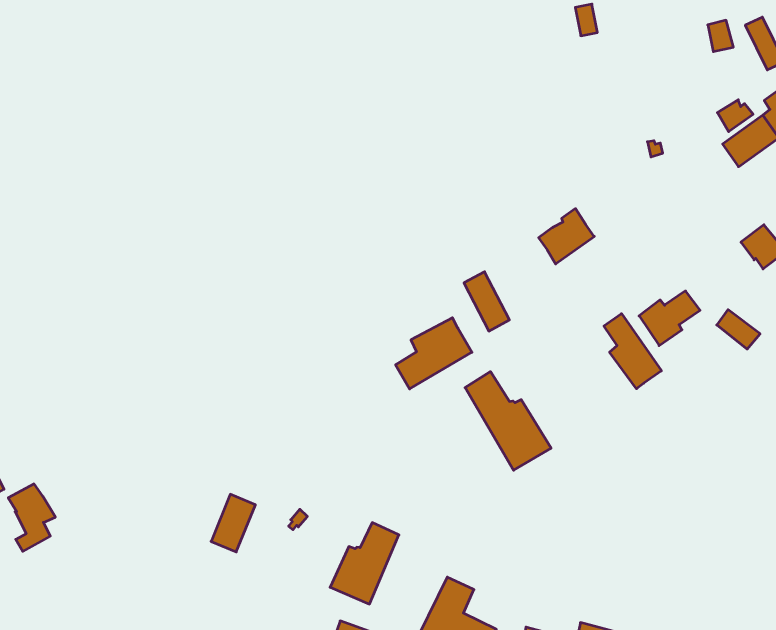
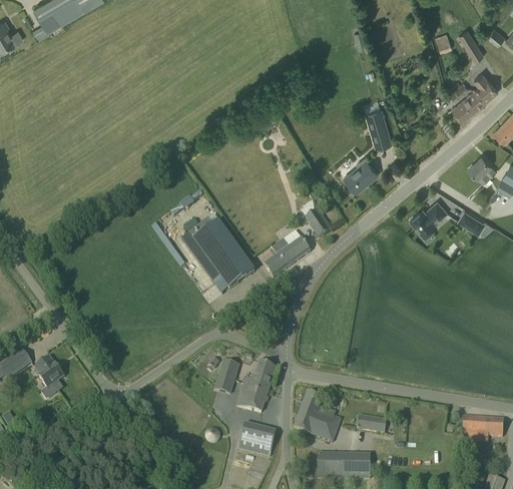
building: none -> [365,107,392,147]
building: none -> [180,216,254,289]
building: [604,314,661,389] -> none
building: [465,372,551,470] -> none
building: [211,494,255,552] -> [214,359,239,394]

